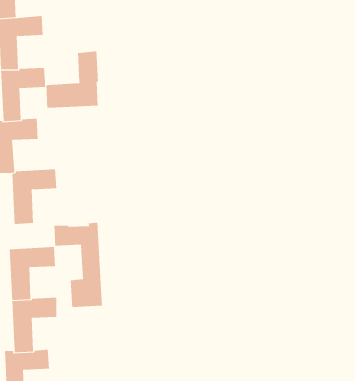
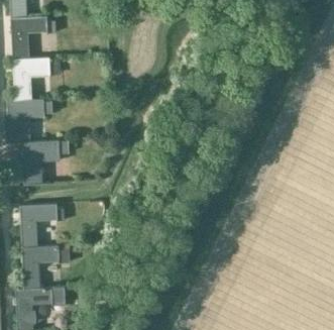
building: [46,51,98,109] -> none
building: [54,222,102,308] -> none

